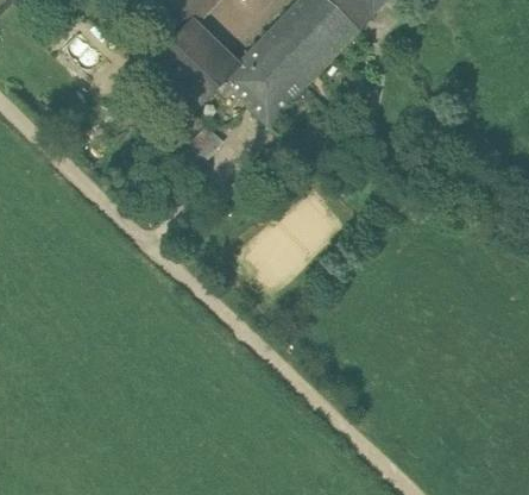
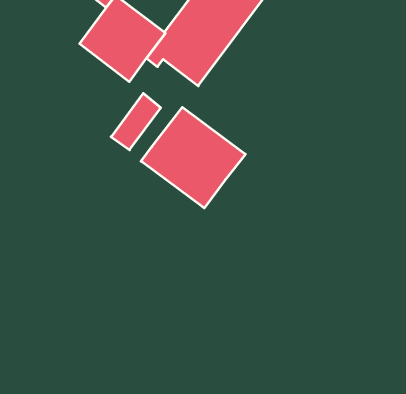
building: none -> [141,107,245,208]

